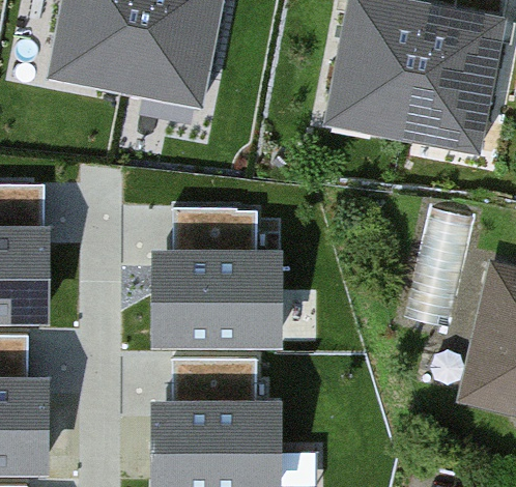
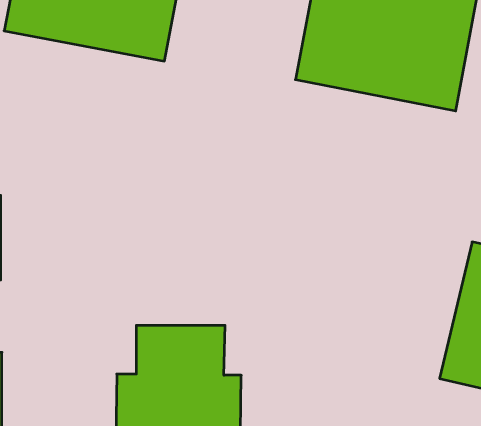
building: [159,211,278,340] -> none

